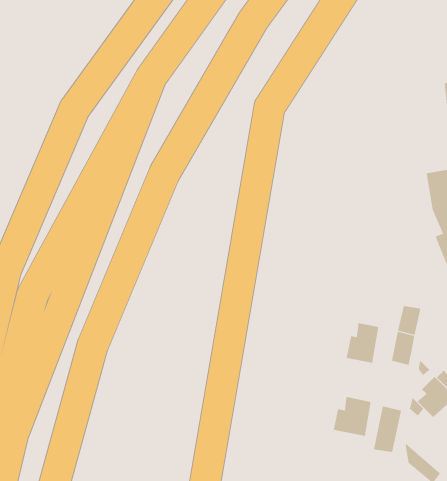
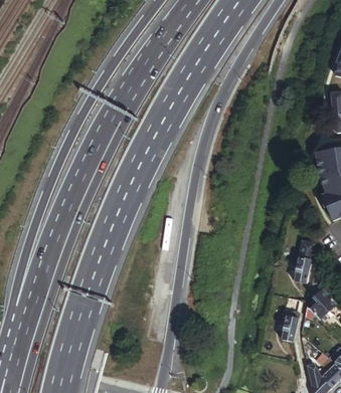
building: [346,322,379,364] -> none
building: [333,396,371,437] -> none

